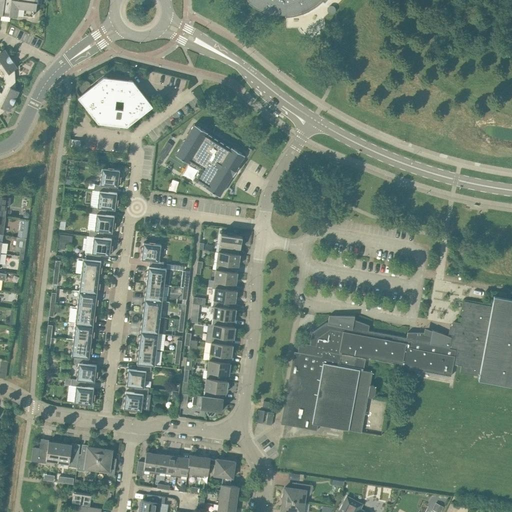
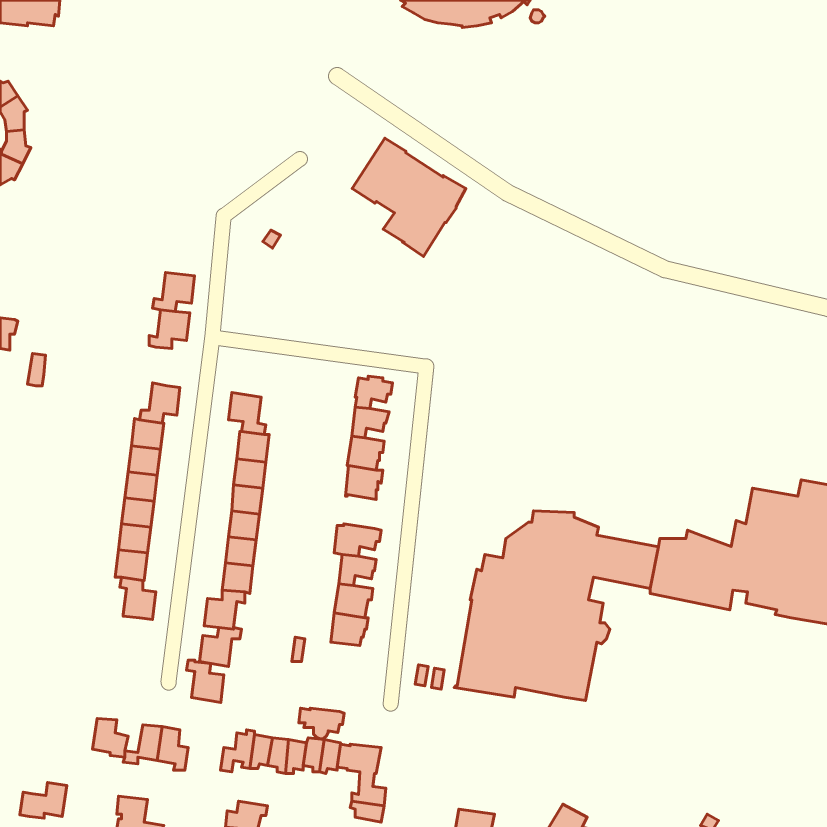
building: [79,78,153,128] -> none
building: [173,127,243,200] -> [352,138,466,257]
building: [90,215,115,239] -> none
building: [213,306,237,327] -> none
building: [72,380,95,406] -> [187,660,224,702]
building: [198,397,226,416] -> [299,708,344,739]
building: [32,442,61,464] -> [20,782,67,818]
building: [284,484,314,503] -> none

